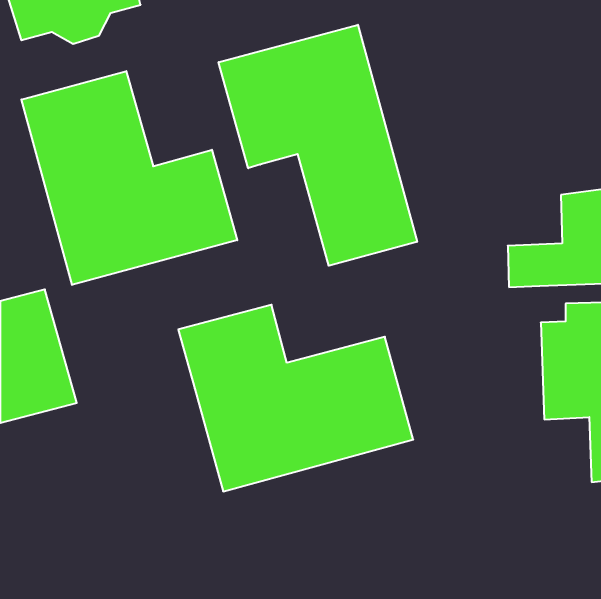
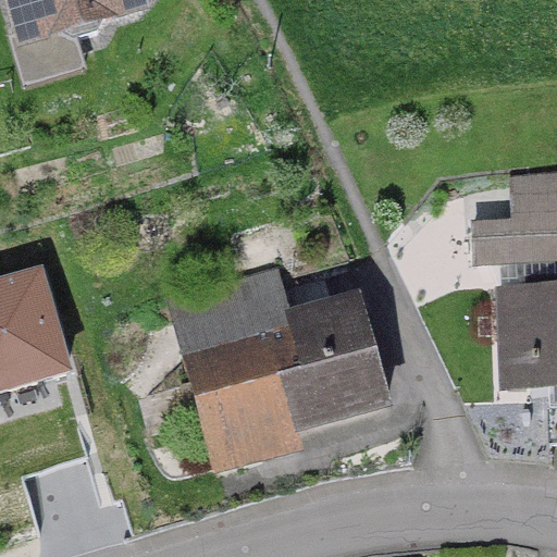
building: [219,25,417,266] -> none
building: [21,71,237,285] -> none

